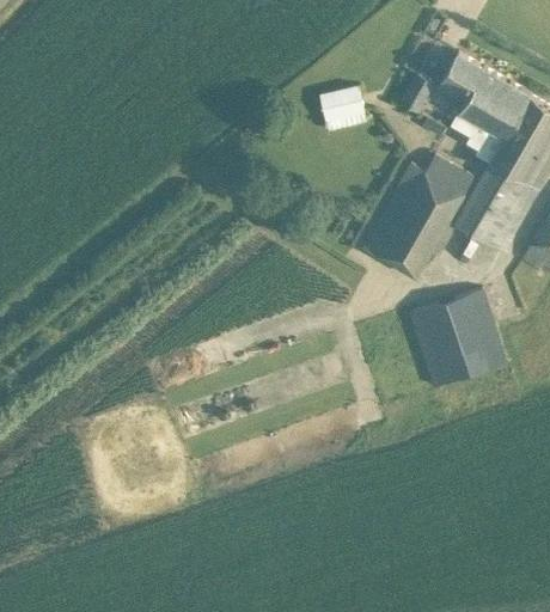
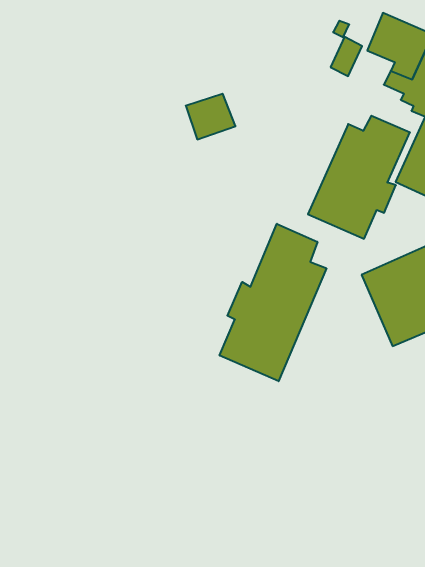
building: [322,88,369,131] -> [186,94,236,139]
building: none -> [220,224,326,381]

